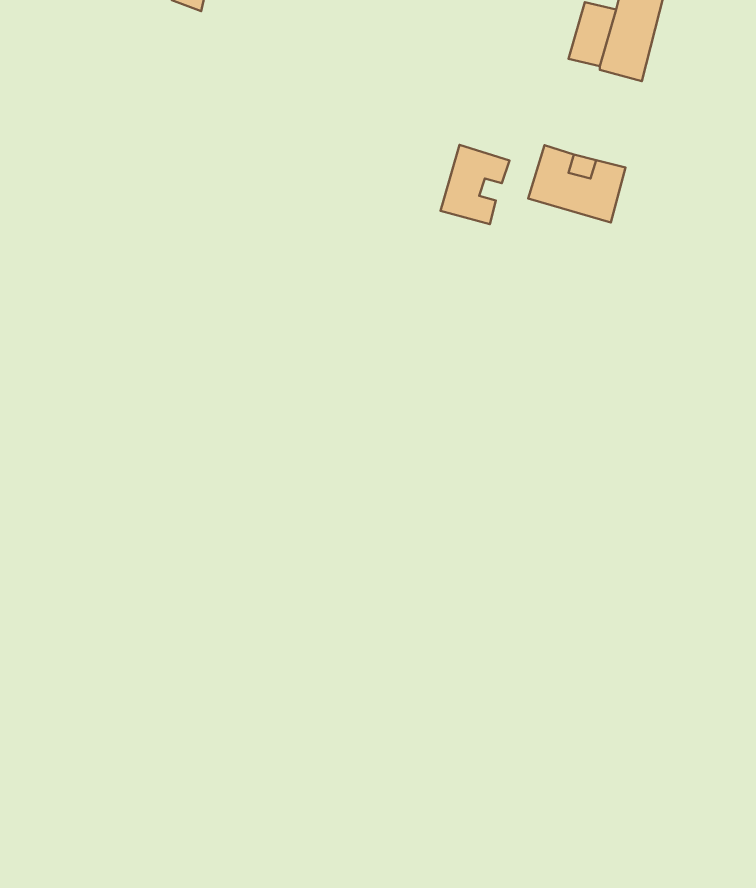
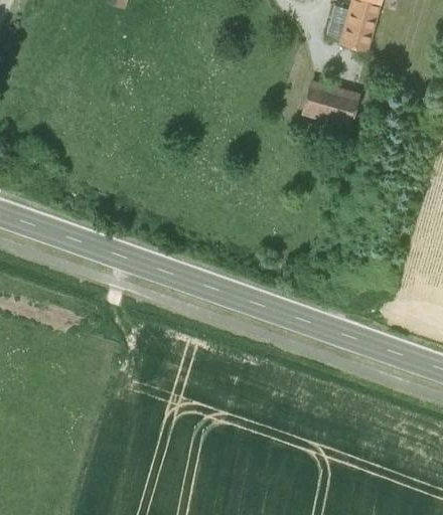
building: [440,145,509,224] -> none

